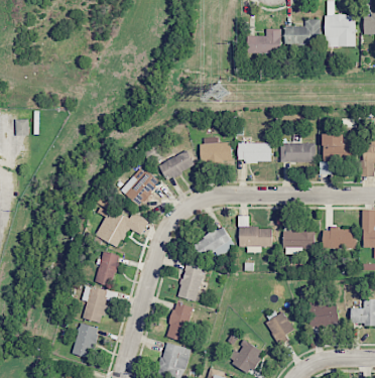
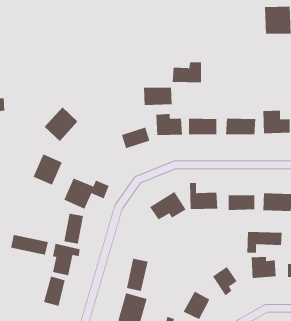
building: [285,19,321,44] -> none
building: [247,29,281,53] -> [172,62,202,83]
building: none -> [144,87,172,106]
building: [121,166,160,207] -> [44,107,78,142]
building: none -> [33,154,62,186]
building: [177,263,207,301] -> none
building: none -> [247,231,282,253]
building: none -> [10,234,48,256]

